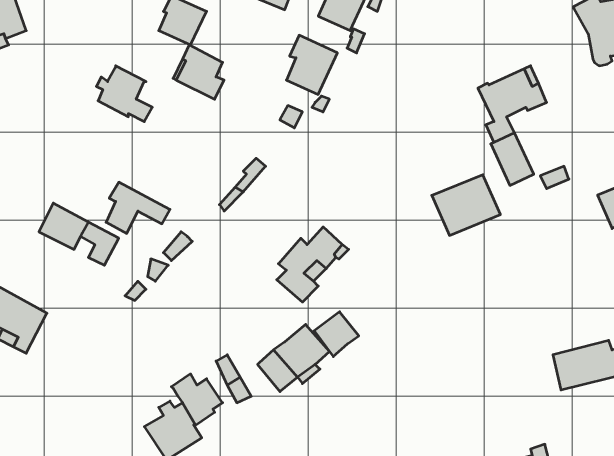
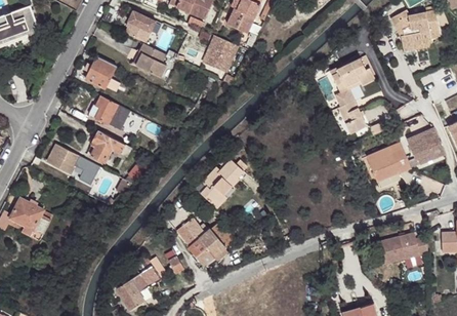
building: none -> [88,95,130,130]
building: [432,175,500,235] -> [366,142,410,181]
building: [314,312,359,357] -> [176,218,205,246]

